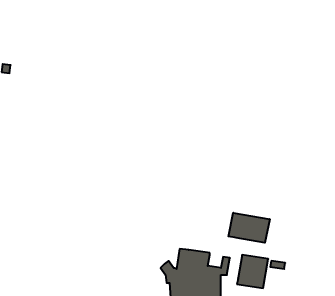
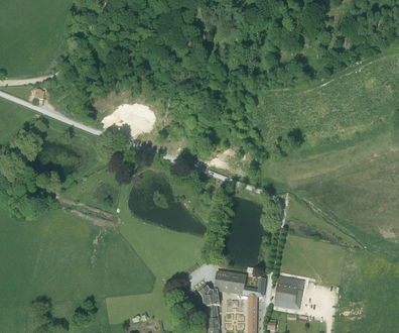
building: [228,213,270,243] -> none

